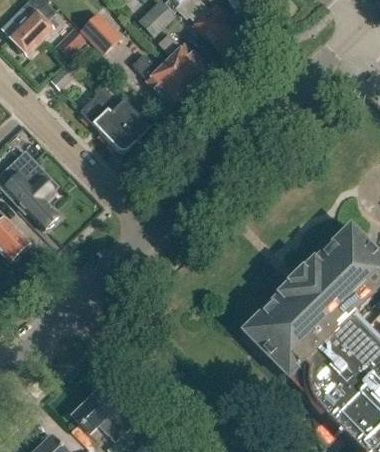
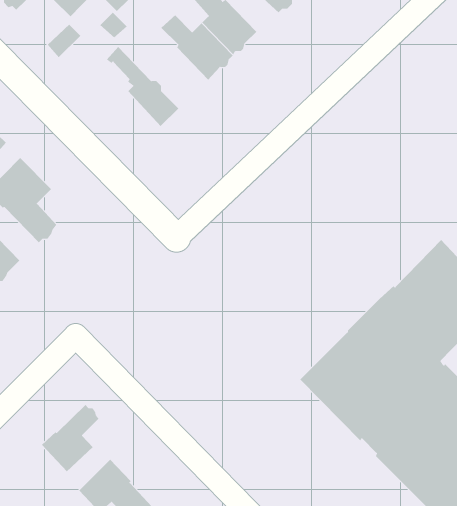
building: [81,91,136,148] -> none
building: none -> [41,404,99,472]

